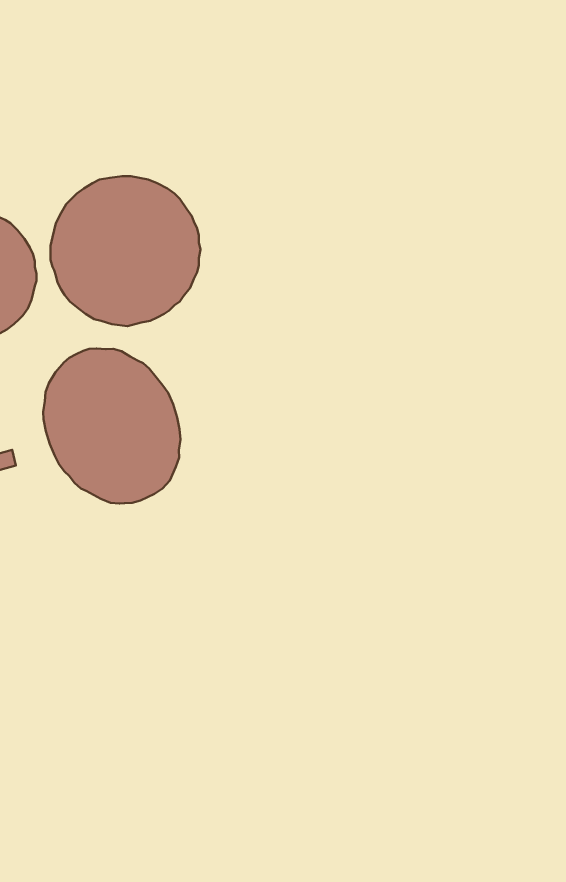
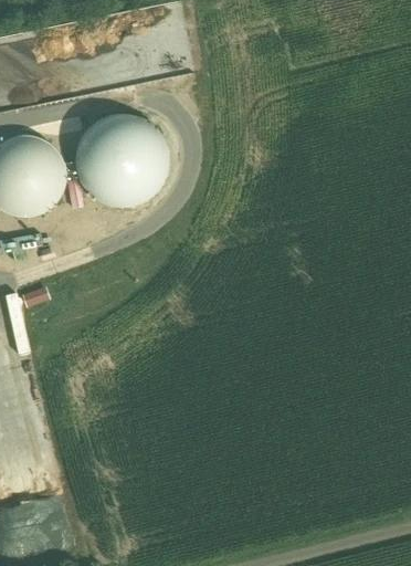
building: [43,348,180,504] -> none

